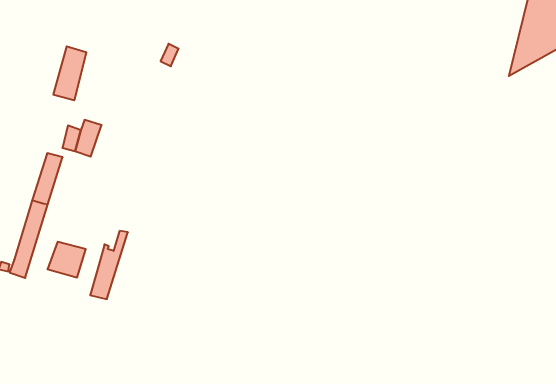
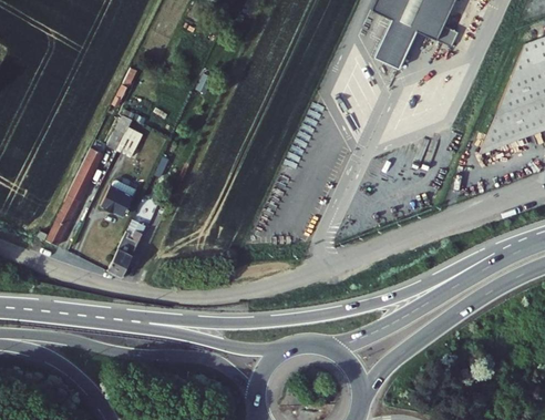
building: [47,242,86,277] -> [94,183,128,215]

